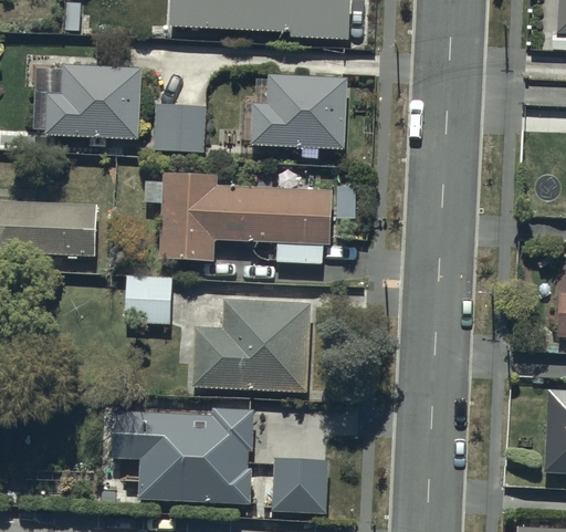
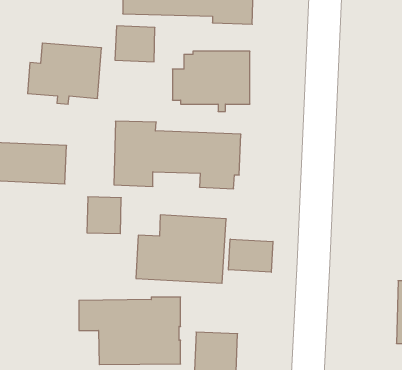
building: [151,102,206,150] -> [115,26,155,62]
building: none -> [229,239,273,272]

